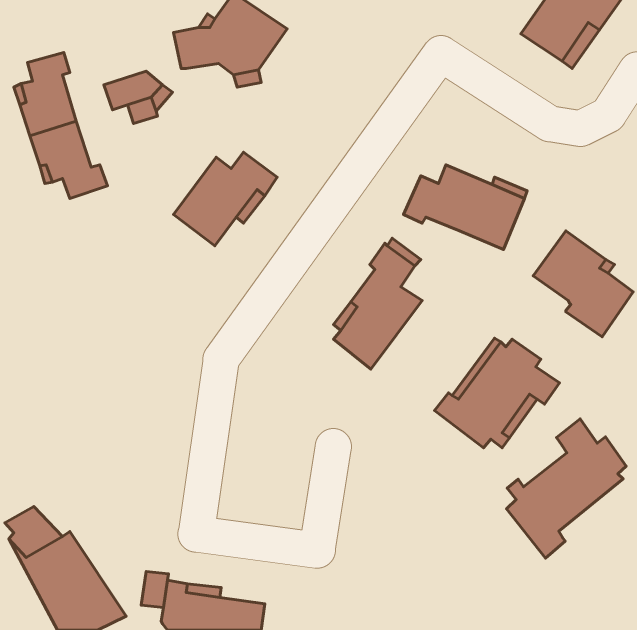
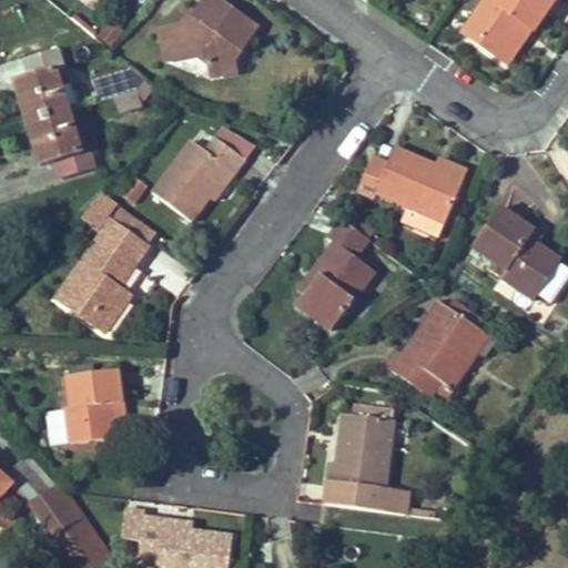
building: none -> [51,185,158,328]
building: none -> [67,367,122,442]
building: [506,419,626,558] -> none
building: none -> [327,414,409,514]

